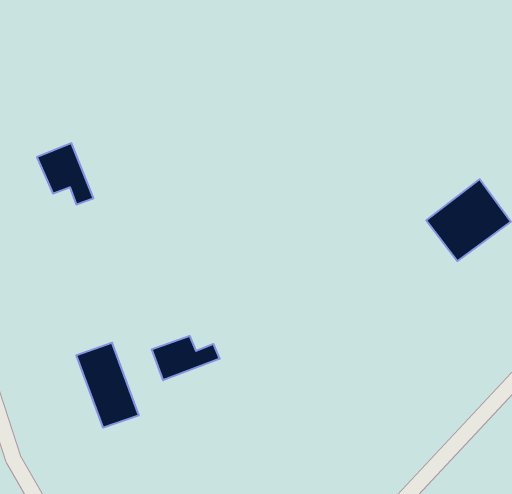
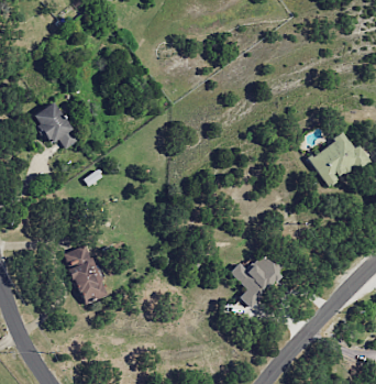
building: [152,336,220,380] -> none
building: none -> [229,254,283,307]

